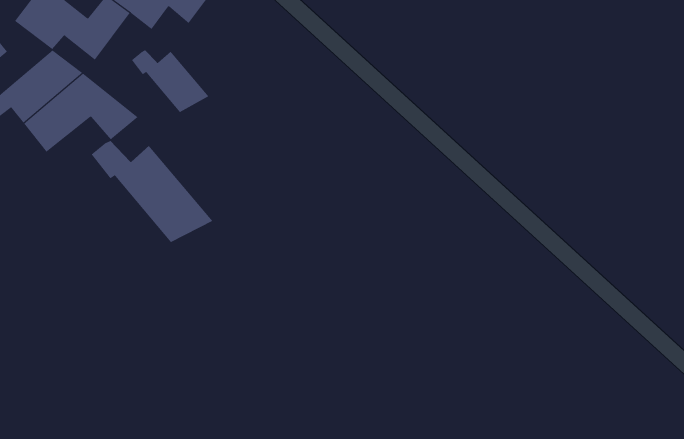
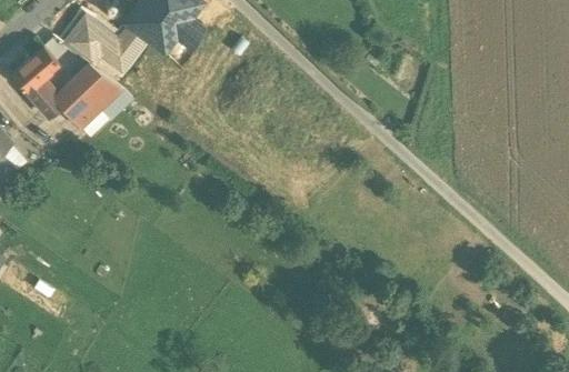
building: [131,50,209,113] -> none
building: [91,140,213,243] -> none

